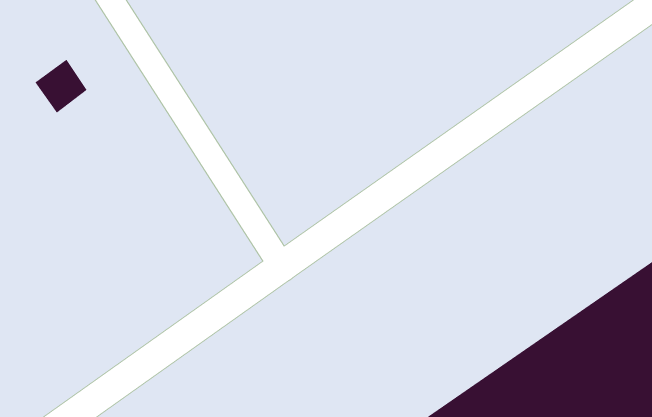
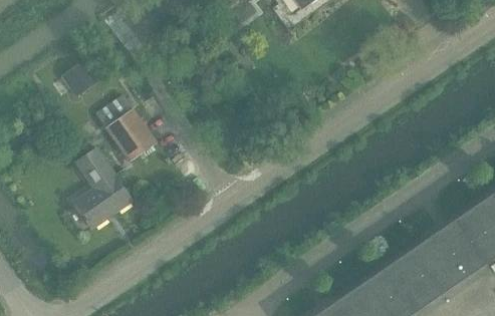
building: none -> [97,98,156,163]
building: none -> [73,148,132,231]

